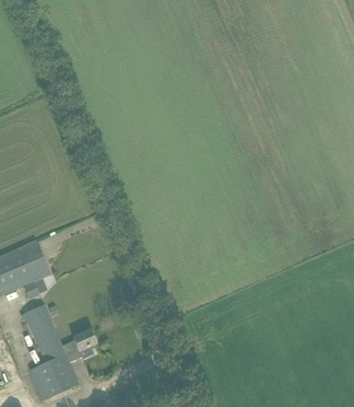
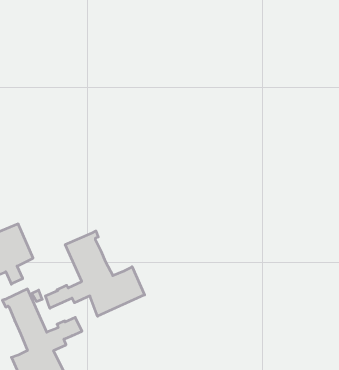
building: none -> [45,231,145,316]

